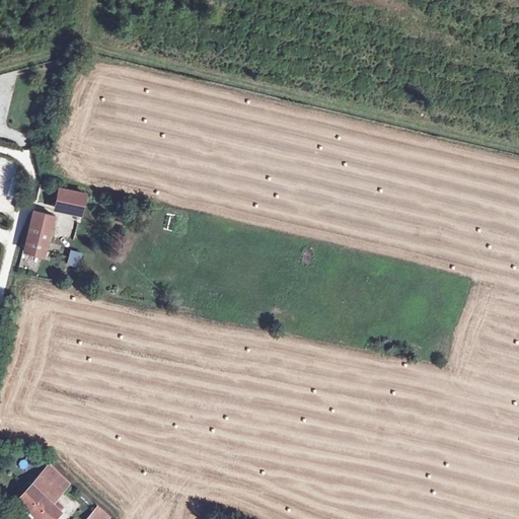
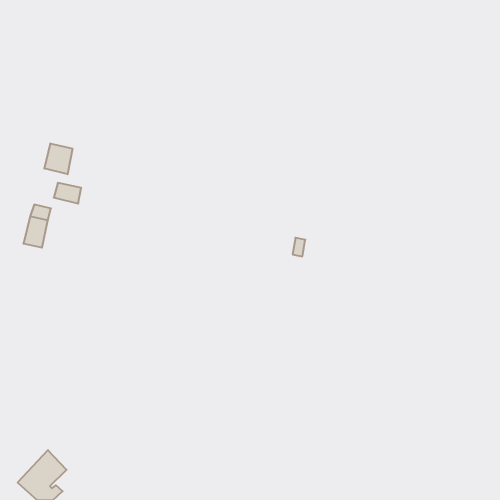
building: none -> [44,143,72,174]

